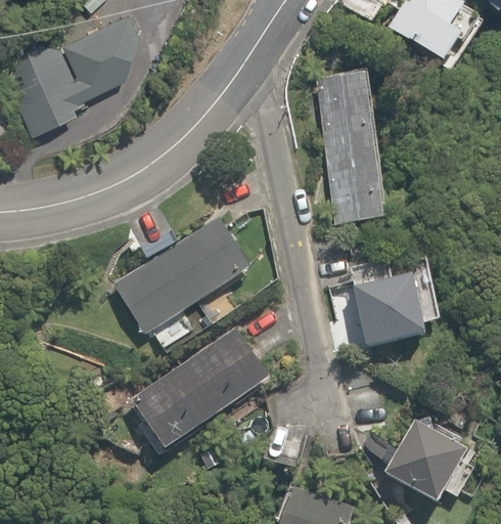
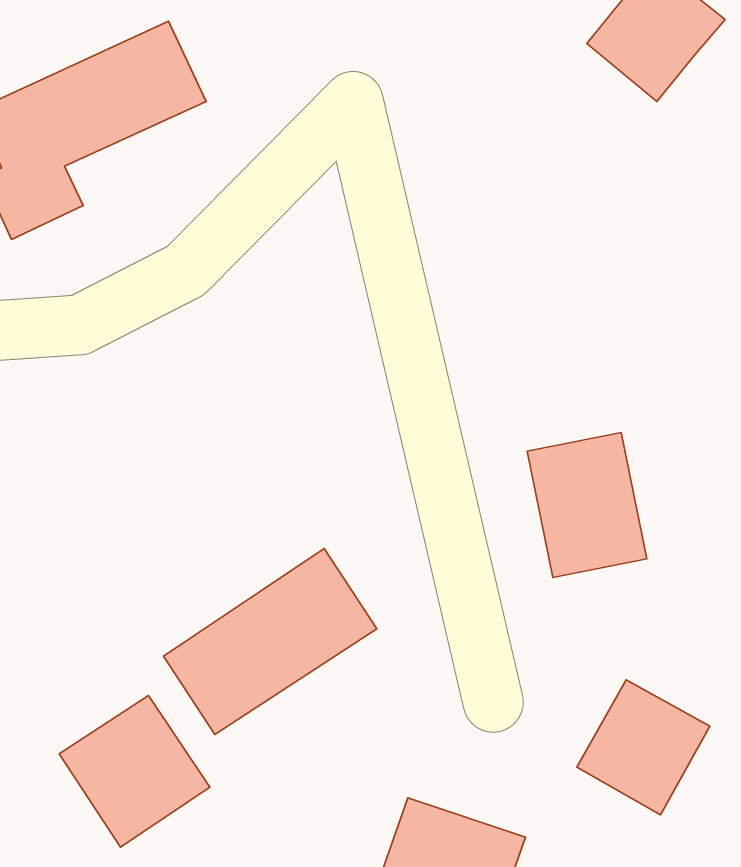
building: [316,64,381,224] -> none
building: [116,217,253,336] -> none
building: none -> [59,696,210,847]

